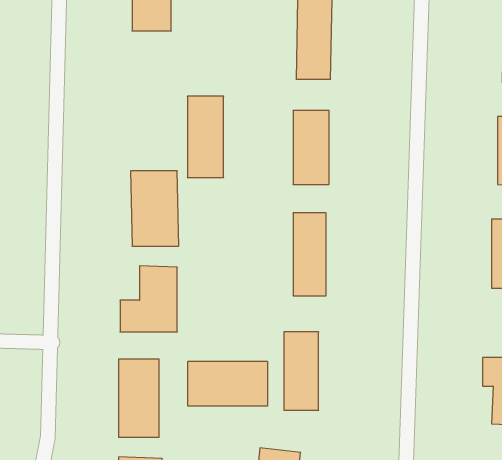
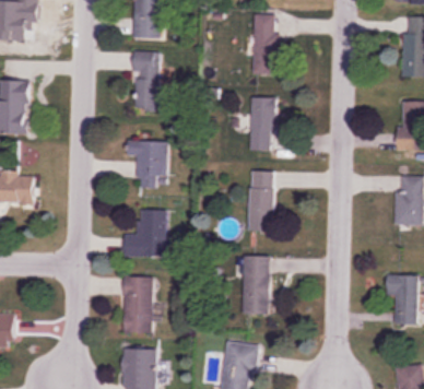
building: [187,96,224,178] -> [132,50,158,109]
building: [188,361,267,406] -> none

